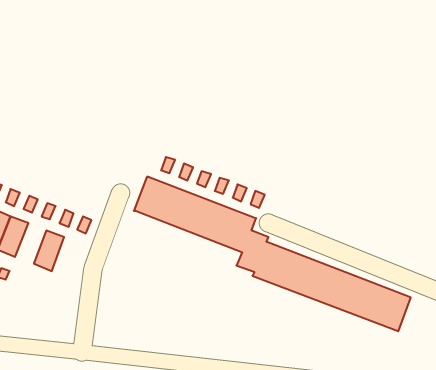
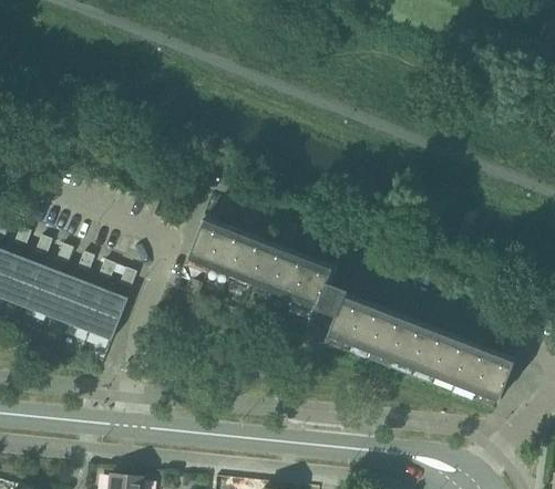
building: none -> [47,274,83,322]
building: none -> [90,291,126,339]

